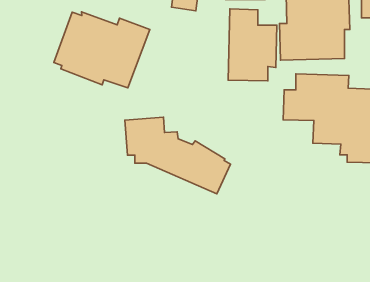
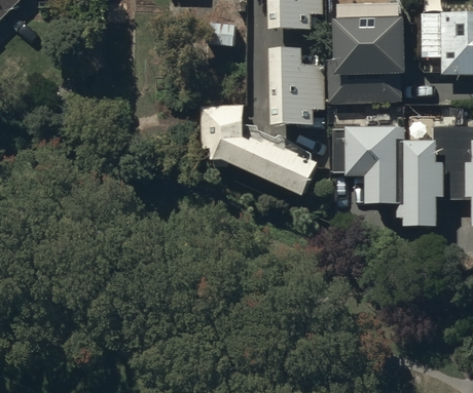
building: [54,12,150,88] -> none
building: [125,117,230,194] -> [198,105,319,192]

